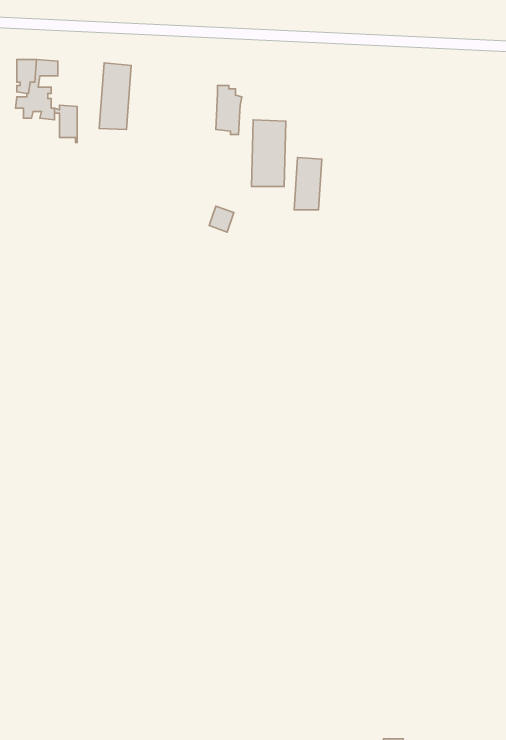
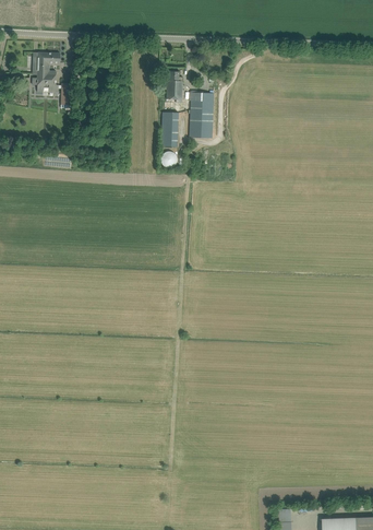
building: [99,63,131,130] -> none
building: [294,158,322,210] -> [160,111,179,146]

